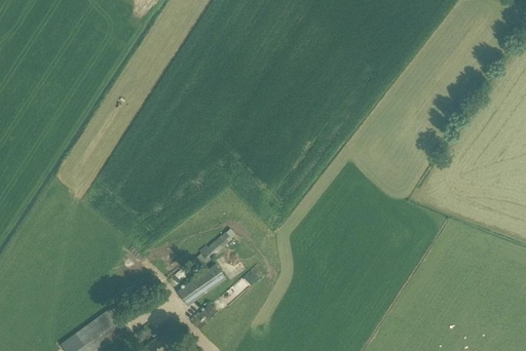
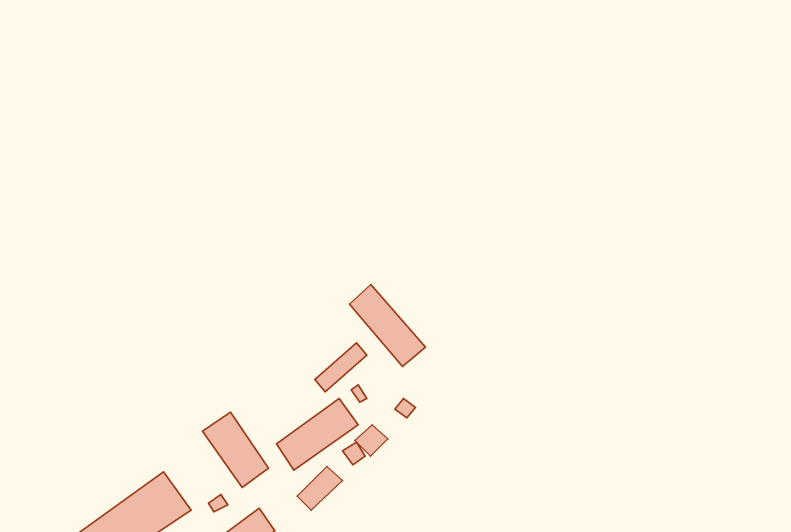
building: none -> [349,284,426,366]
building: none -> [203,412,269,487]

